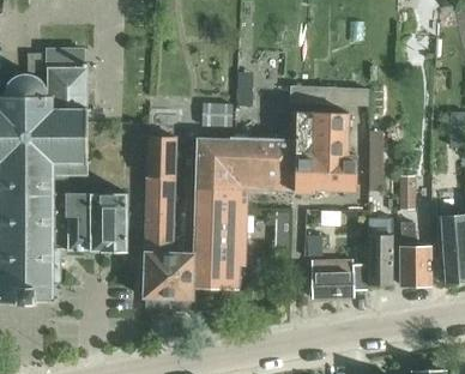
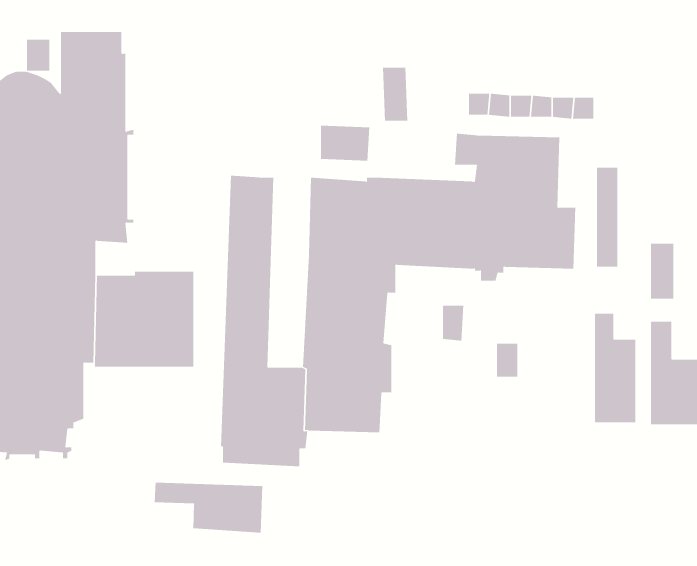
building: [312,260,367,297] -> none
building: none -> [154,482,263,533]

